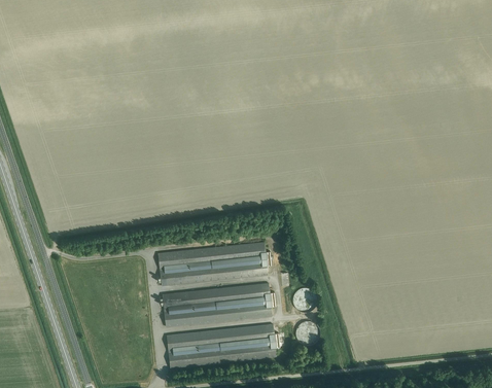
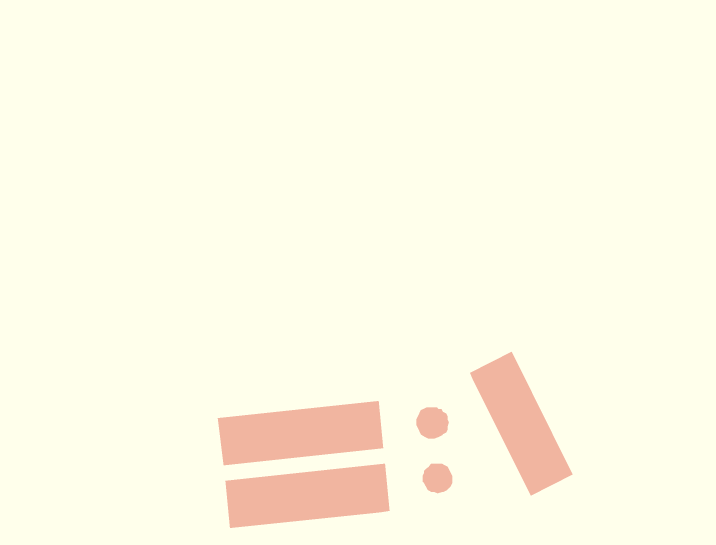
building: [157,242,268,284] -> none
building: none -> [469,350,574,497]

